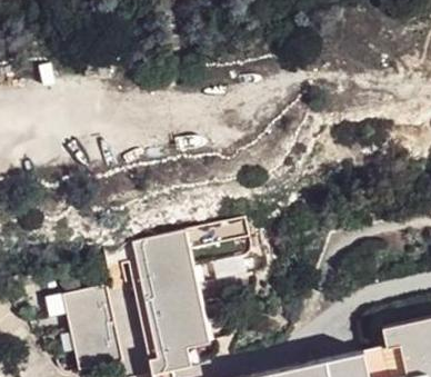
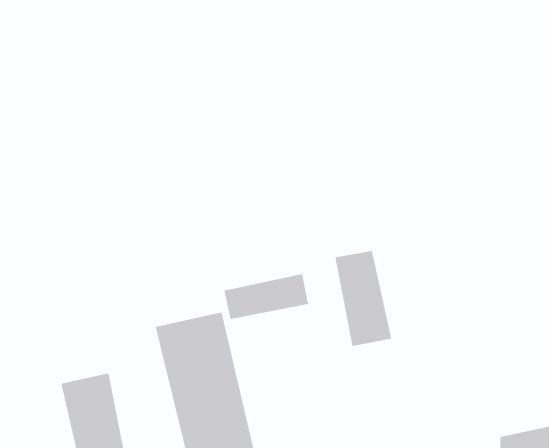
building: none -> [335,250,392,347]

